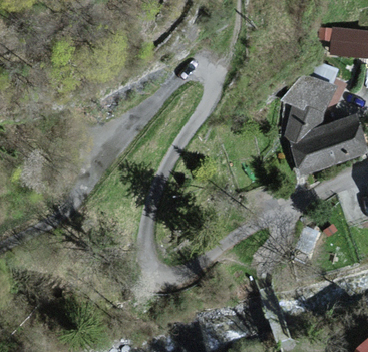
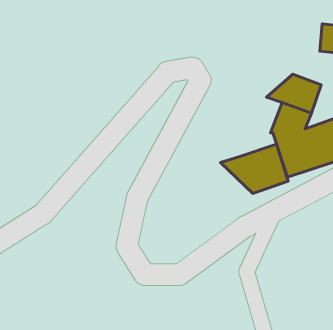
building: none -> [220,144,288,193]

